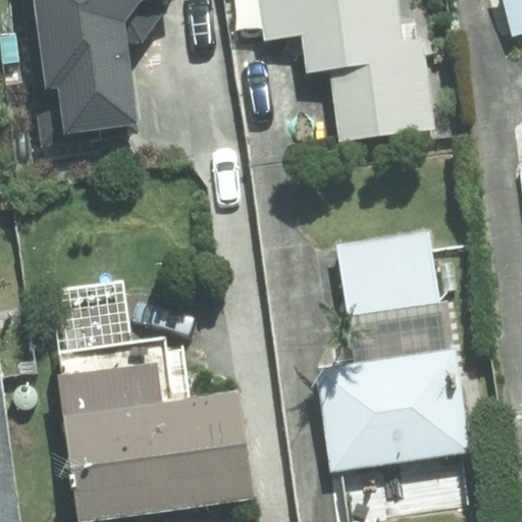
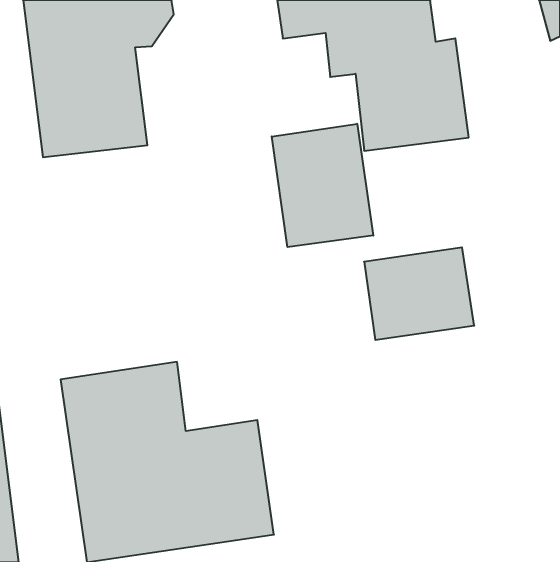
building: none -> [272,124,373,247]
building: [314,347,472,471] -> none

